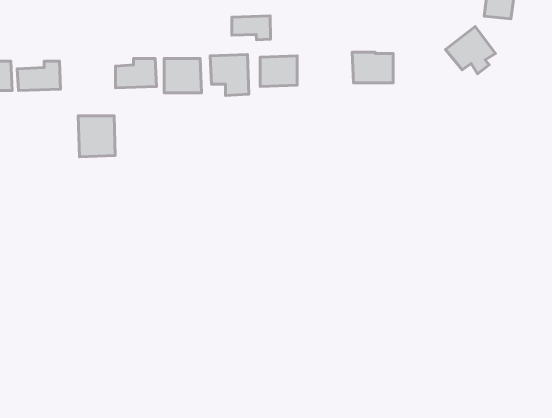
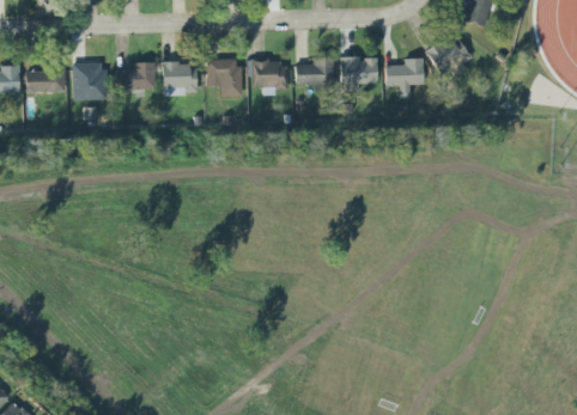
building: [232,16,271,40] -> none
building: none -> [296,56,334,89]
building: none -> [384,57,424,97]
building: [78,116,115,157] -> [72,62,107,100]

